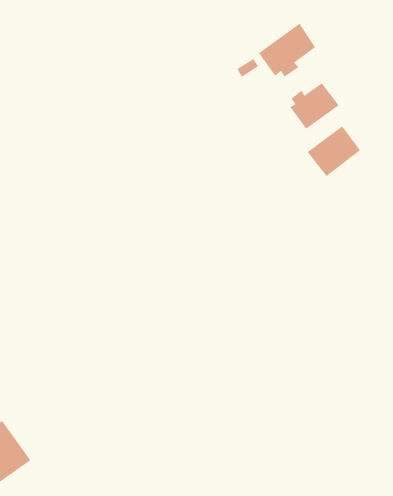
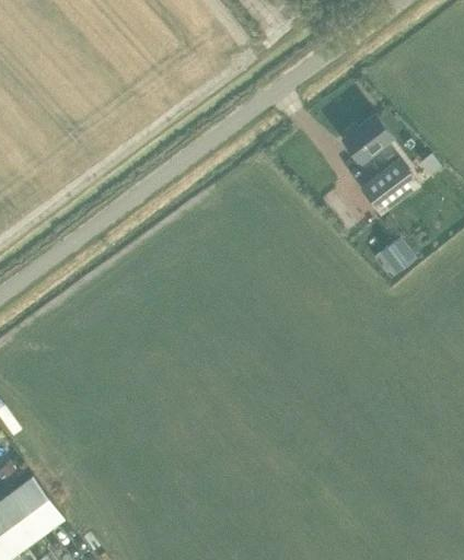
building: [258,23,316,77] -> none
building: none -> [381,238,414,273]

